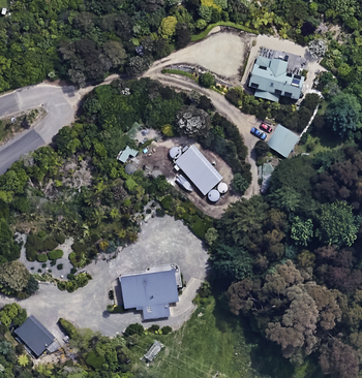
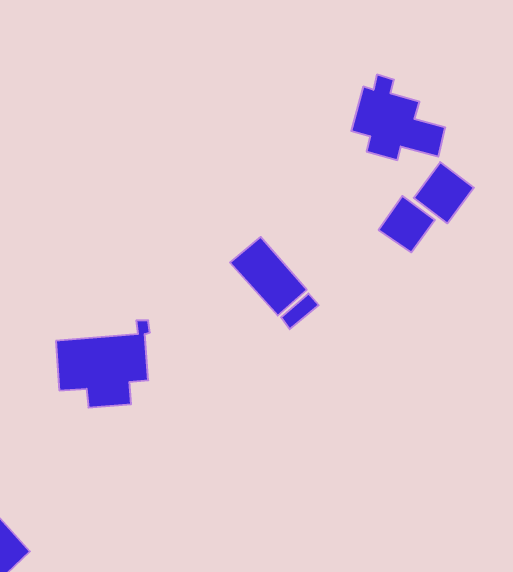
building: none -> [414,162,474,223]
building: [123,264,180,317] -> [56,320,150,408]

